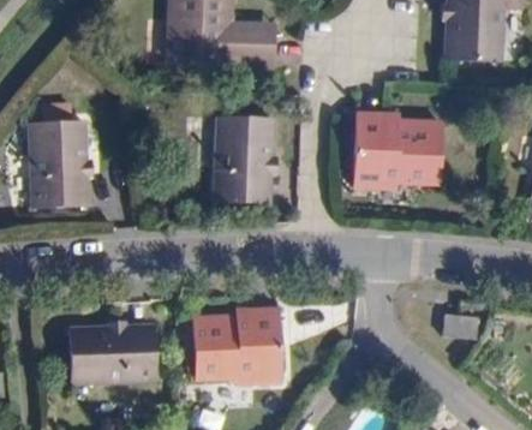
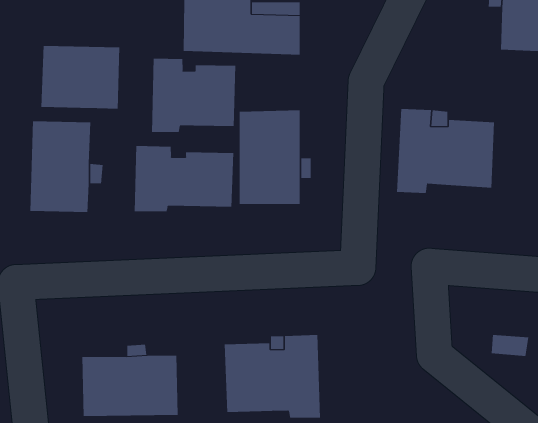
building: none -> [41,45,120,109]
building: none -> [152,58,236,133]
building: none -> [134,145,234,212]

